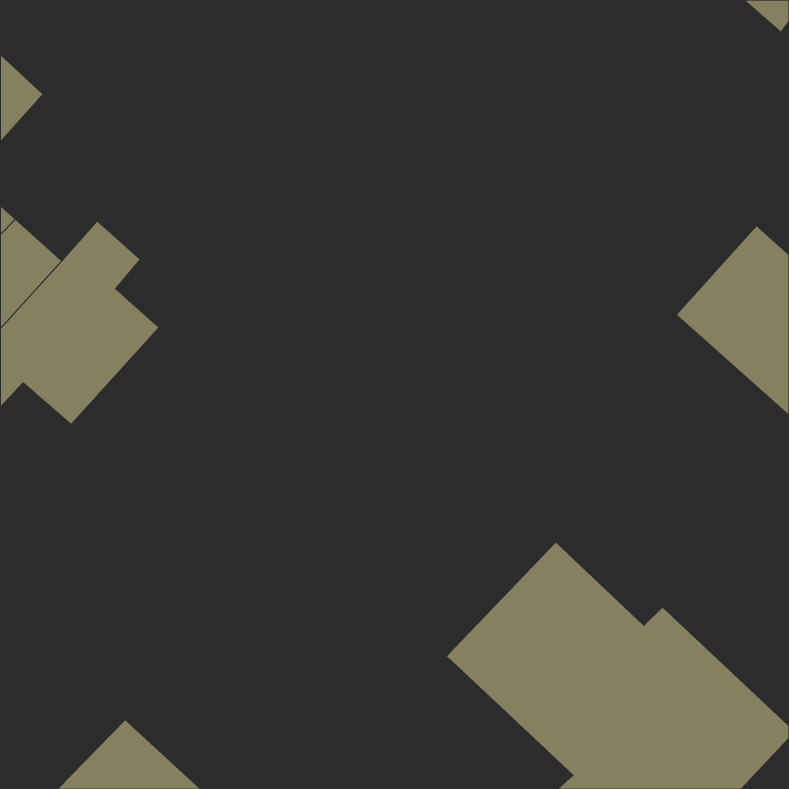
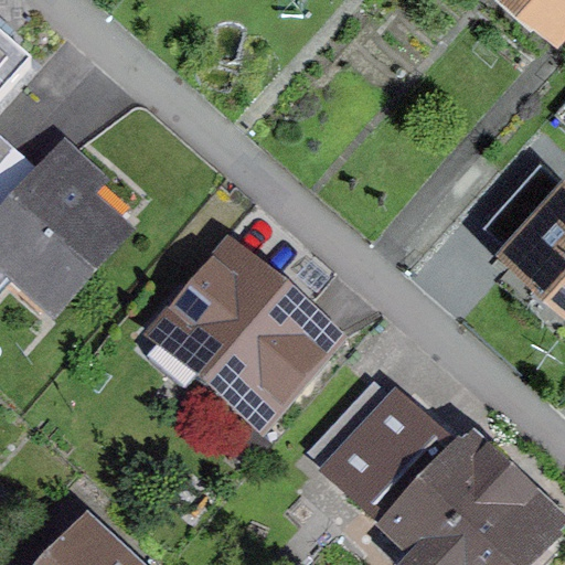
building: none -> [147,238,341,430]

